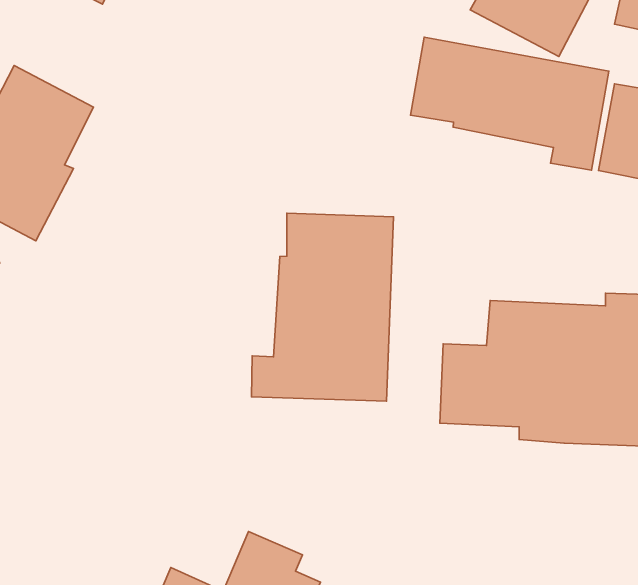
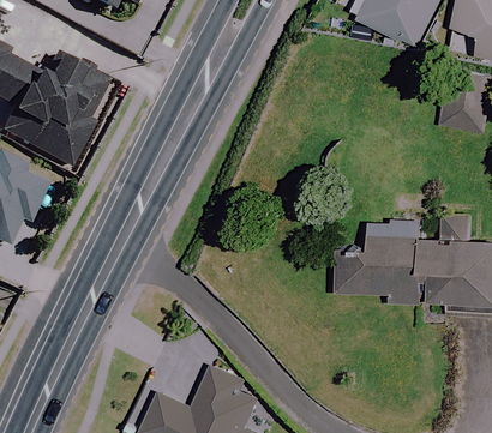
building: [410,37,609,170] -> none
building: [251,213,394,401] -> none

